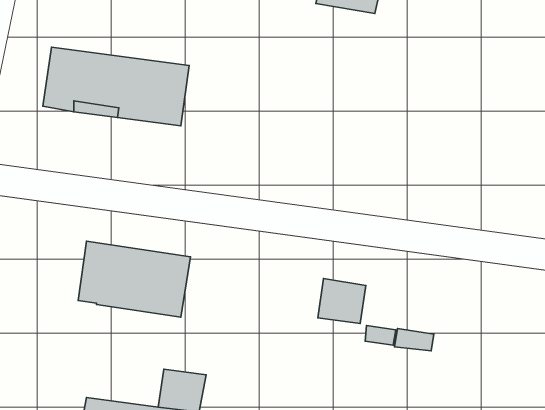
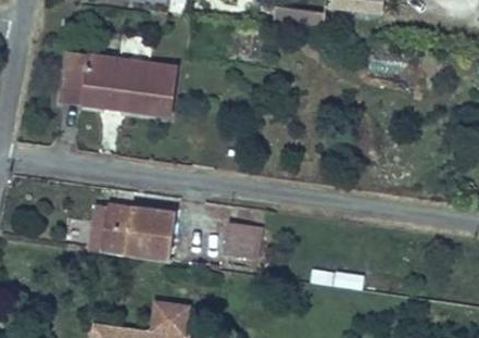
building: [318,278,366,323] -> [225,222,262,256]

